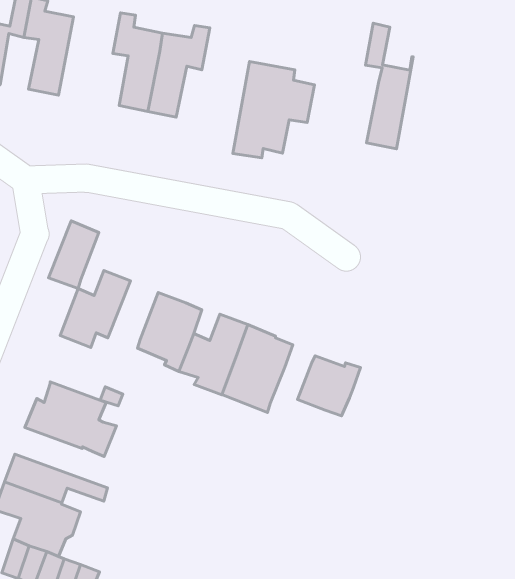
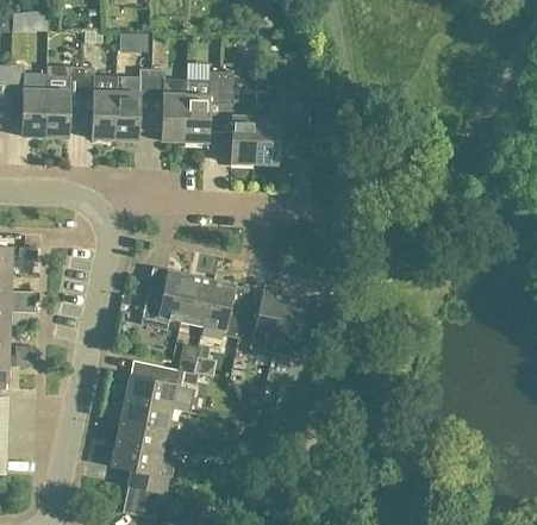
building: none -> [111,68,149,139]
building: [366,23,413,149] -> [218,69,254,163]
building: [49,221,99,288] -> [176,273,210,324]
building: [298,356,361,416] -> none
building: none -> [118,398,195,435]

